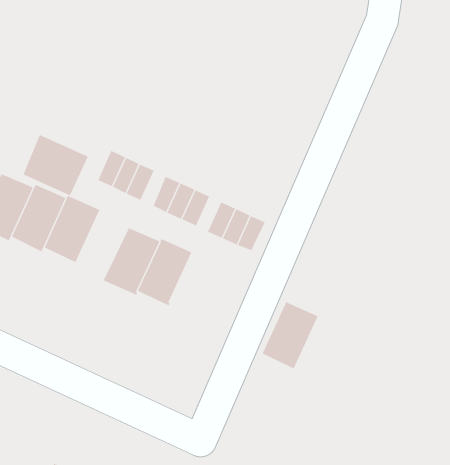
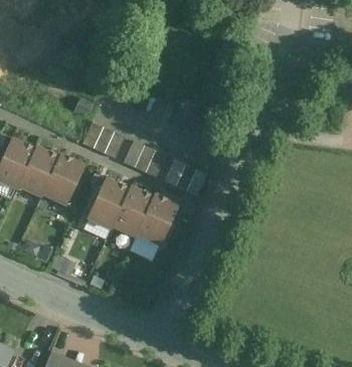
building: [19,134,91,196] -> none
building: [262,301,318,369] -> [136,193,178,243]

